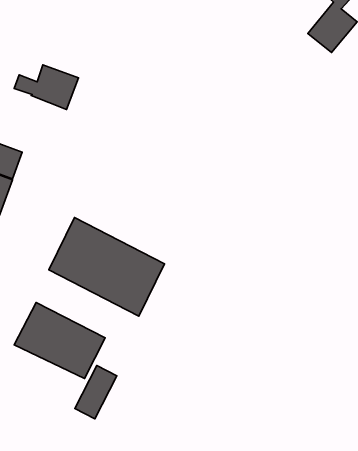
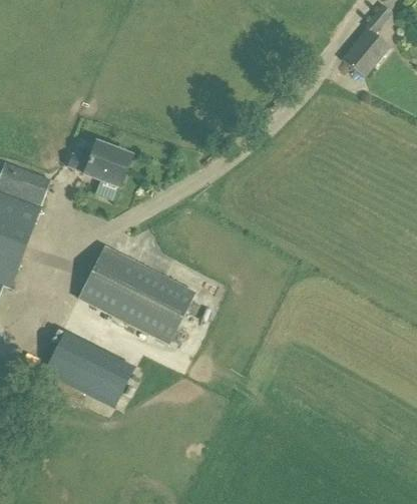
building: [14,65,79,109] -> [66,142,131,187]
building: [75,366,117,419] -> none

